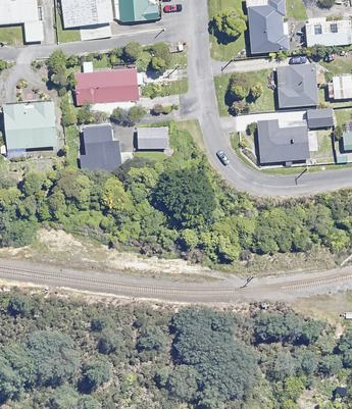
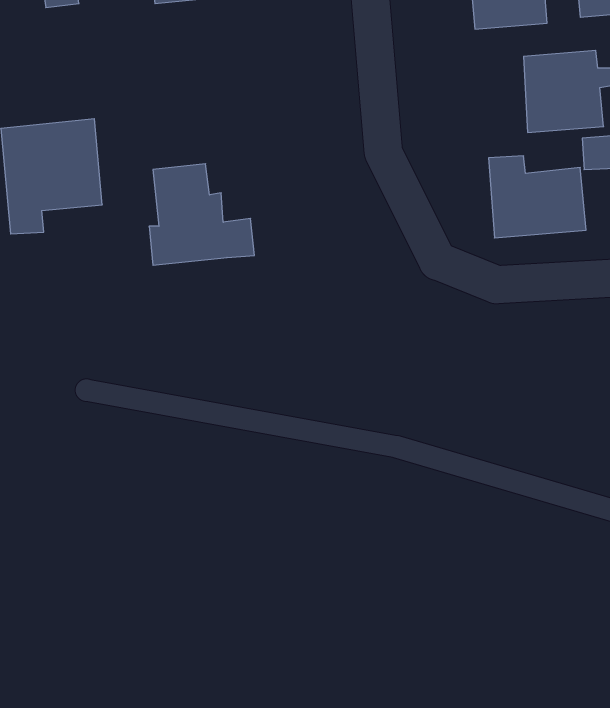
building: [72,61,144,116] -> none
building: [136,126,167,150] -> none

